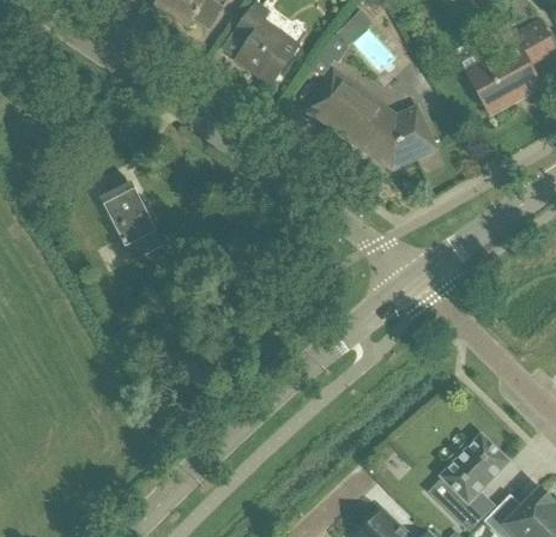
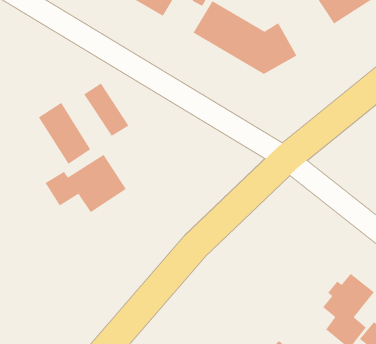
building: none -> [83,82,129,137]
building: none -> [44,154,127,213]

